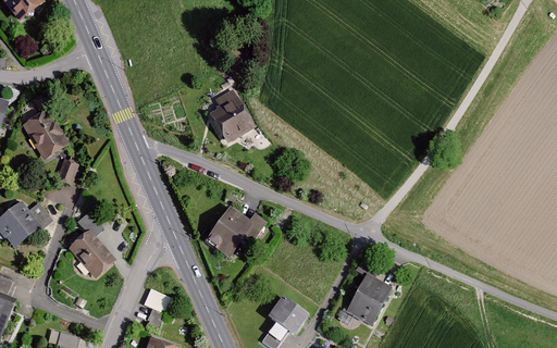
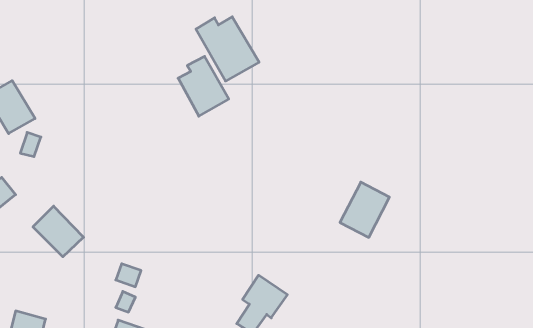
building: none -> [196,17,259,81]
building: [203,207,268,258] -> none
building: [347,272,394,324] -> [340,182,389,237]

